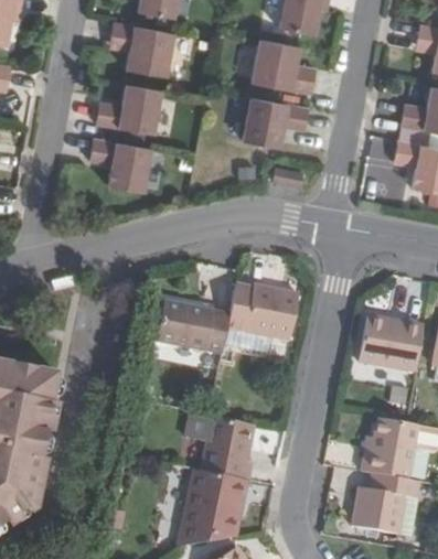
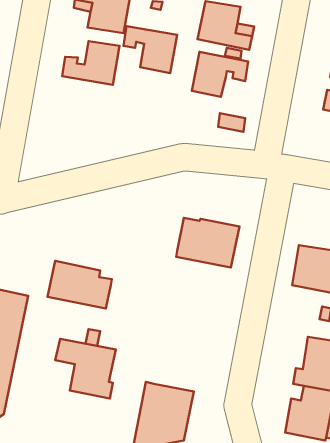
building: [93,139,153,192] -> [124,26,177,73]
building: [156,301,228,355] -> [47,261,112,309]
building: [185,413,254,481] -> [55,339,116,398]

